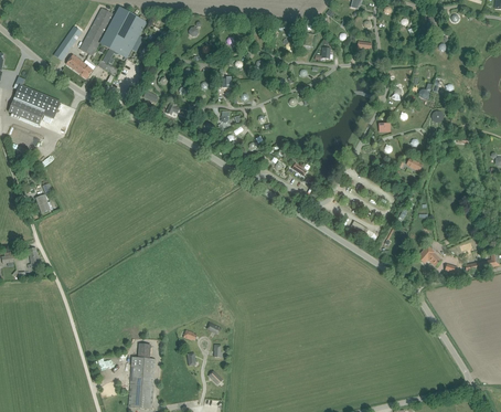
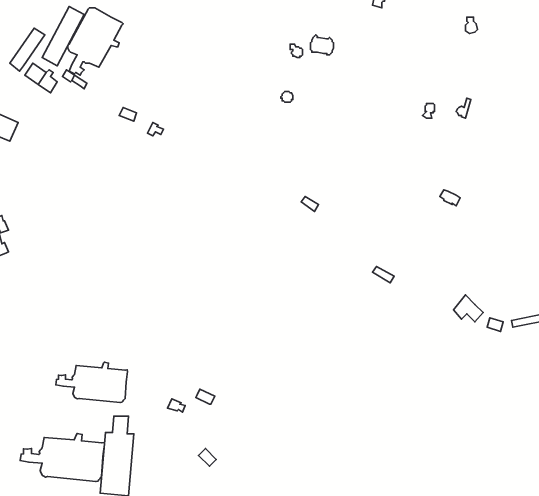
building: none -> [56,362,128,403]
building: none -> [20,433,105,481]

